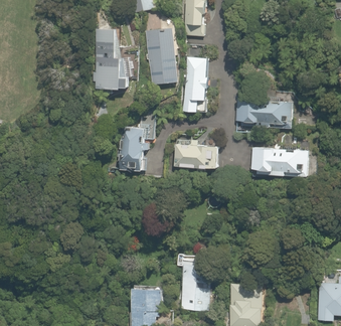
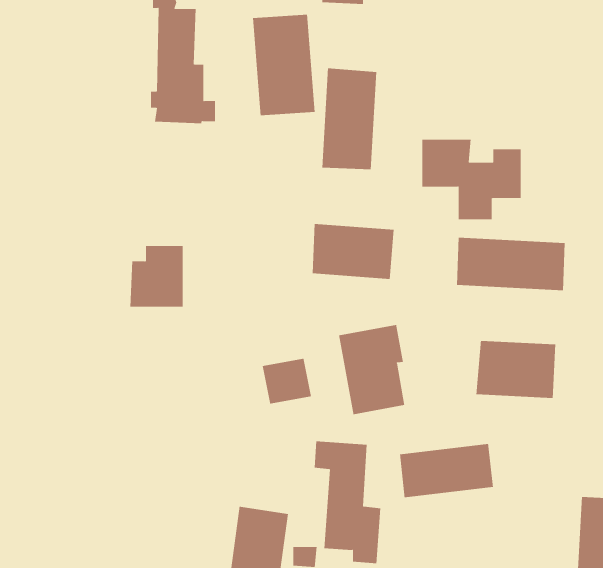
building: [119,130,147,162] -> [130,246,183,307]
building: none -> [339,324,405,415]
building: none -> [476,340,556,399]
building: none -> [400,443,493,498]

